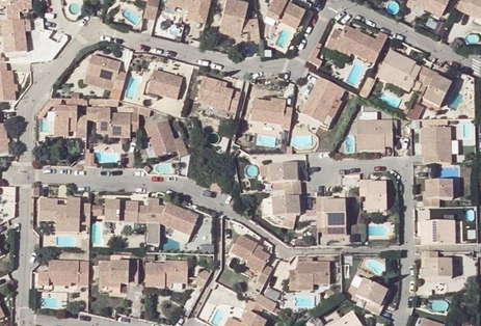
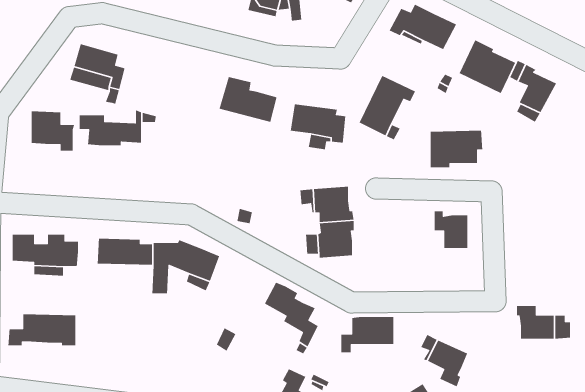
building: [149,73,183,101] -> none
building: [144,120,187,158] -> none
building: [422,128,451,164] -> none
building: [424,181,453,208] -> none
building: [316,197,346,227] -> none
building: [422,220,454,244] -> none
building: [100,261,137,282] -> none
building: [144,261,187,289] -> none

